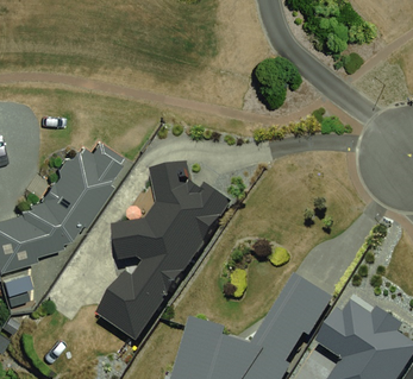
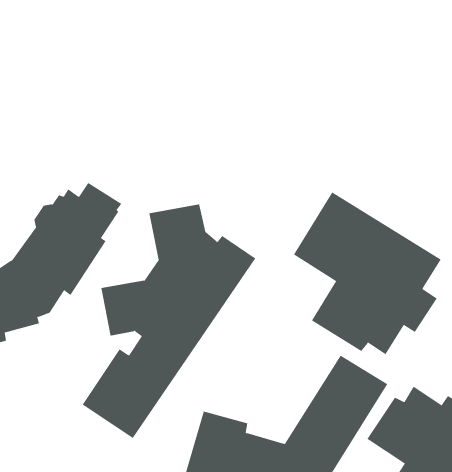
building: none -> [293,191,441,355]

